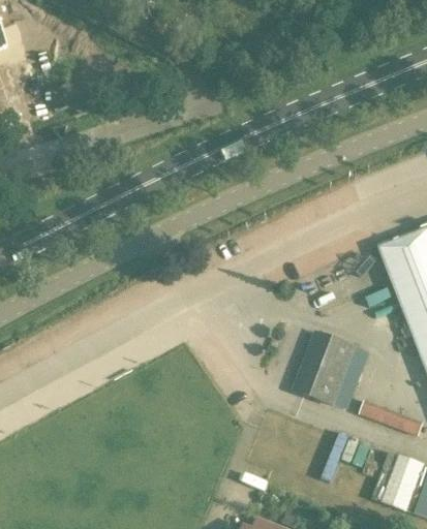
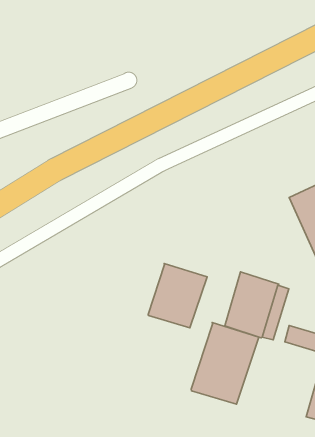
building: none -> [148,263,207,328]
building: none -> [191,323,259,404]

